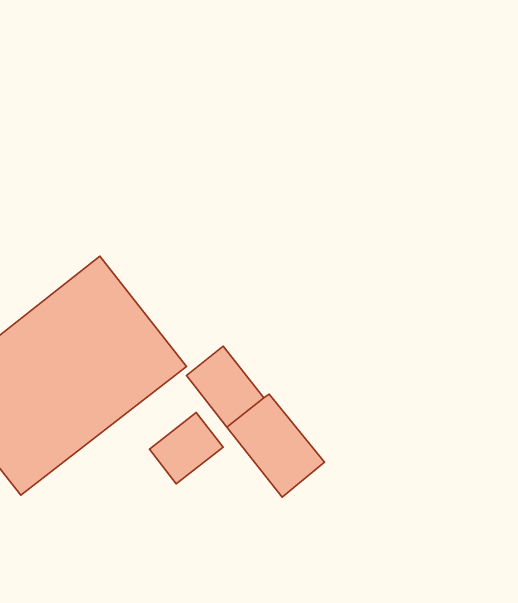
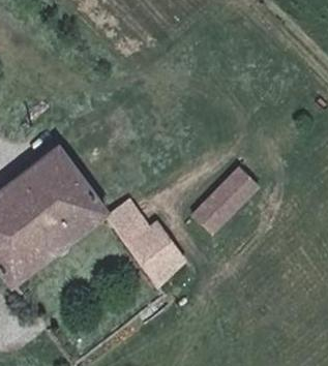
building: none -> [188,169,251,232]
building: [149,412,223,484] -> none

